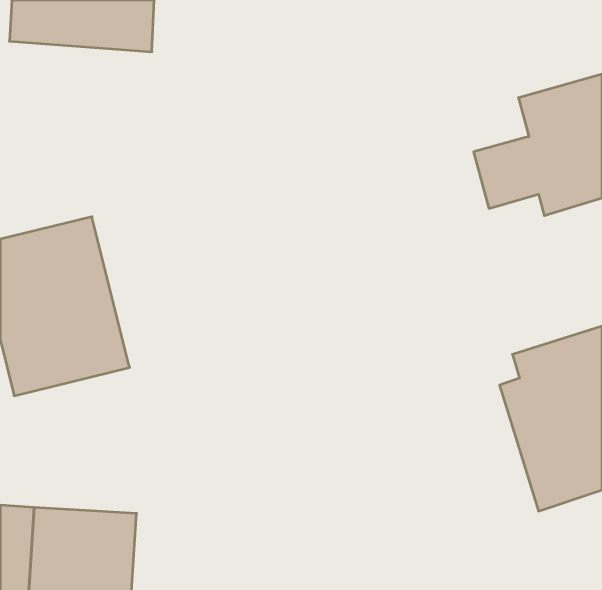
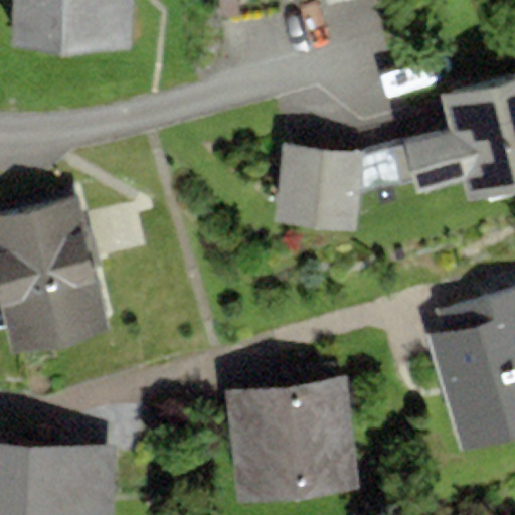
building: none -> [276,146,367,227]
building: none -> [227,379,359,500]

